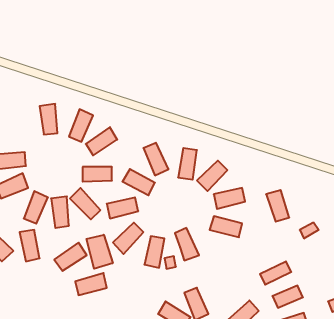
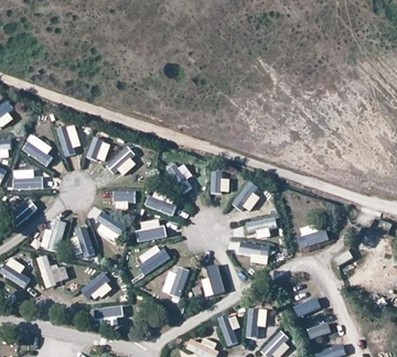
building: none -> [26,137,58,170]
building: [86,235,113,269] -> none
building: none -> [243,311,262,344]

